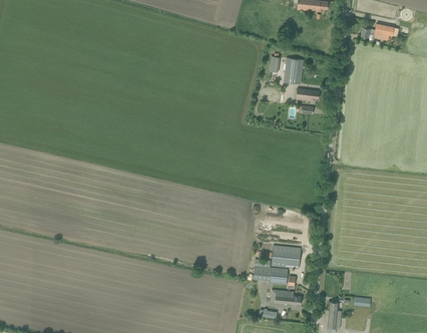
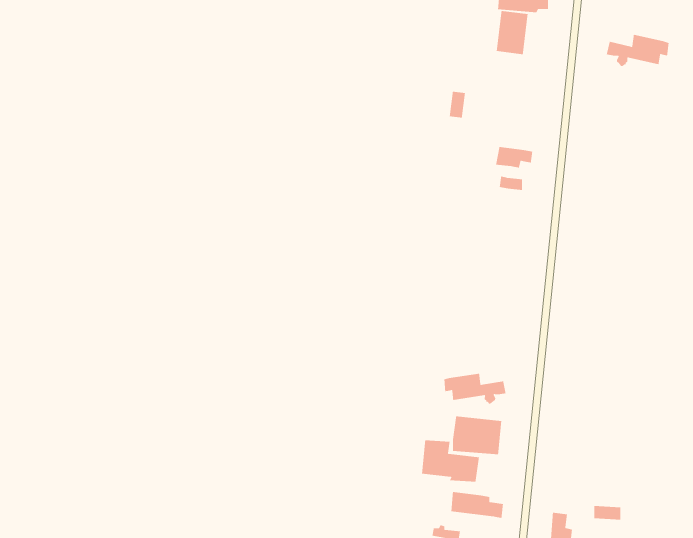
building: [284,58,303,84] -> [496,10,529,55]
building: none -> [443,373,507,404]

